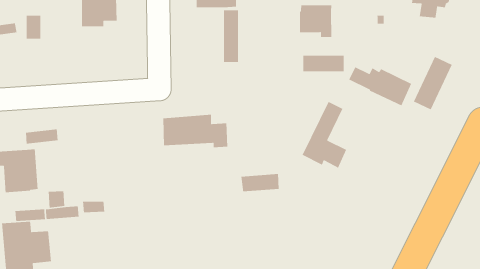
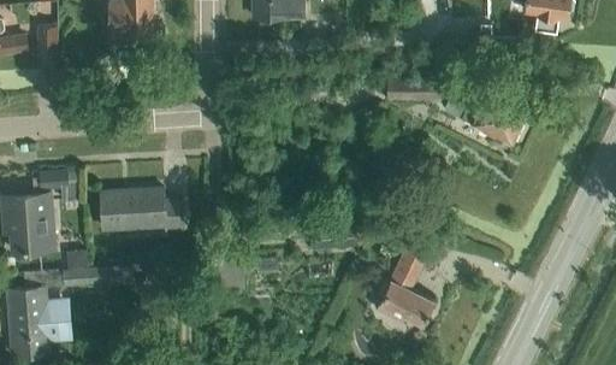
building: [299,4,332,38] -> none
building: [223,9,239,63] -> none
building: [413,56,453,111] -> none
building: [301,101,347,169] -> [377,240,434,325]
building: [162,114,228,148] -> [101,188,184,231]

